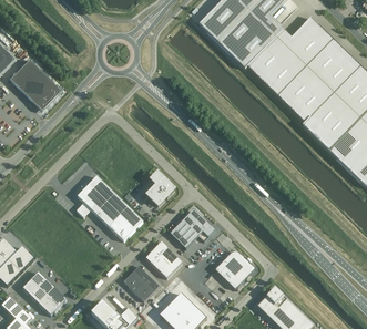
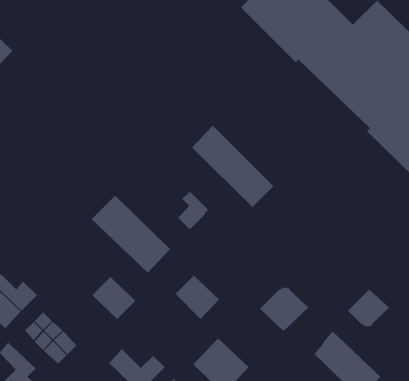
building: [9,59,61,111] -> none
building: none -> [191,125,274,208]
building: [170,208,214,247] -> none
building: none -> [347,289,390,327]
building: [122,264,159,299] -> [91,276,136,320]

